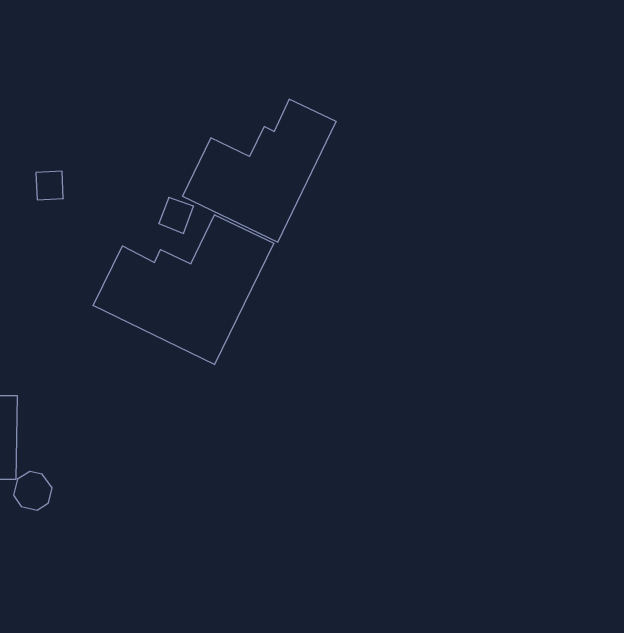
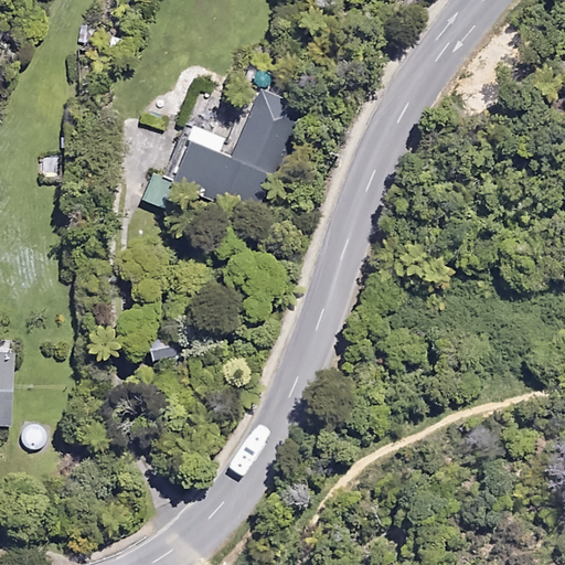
building: [93,215,274,365] -> none

